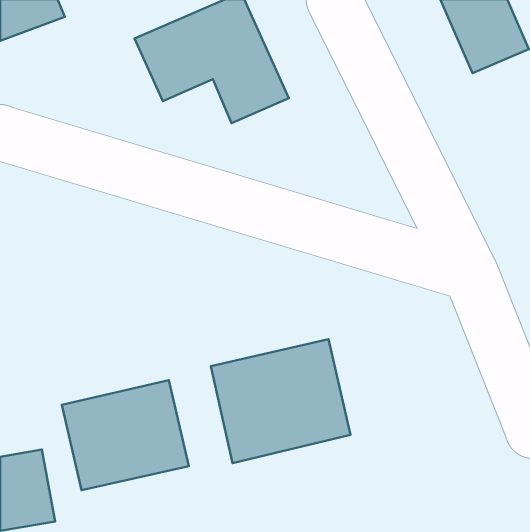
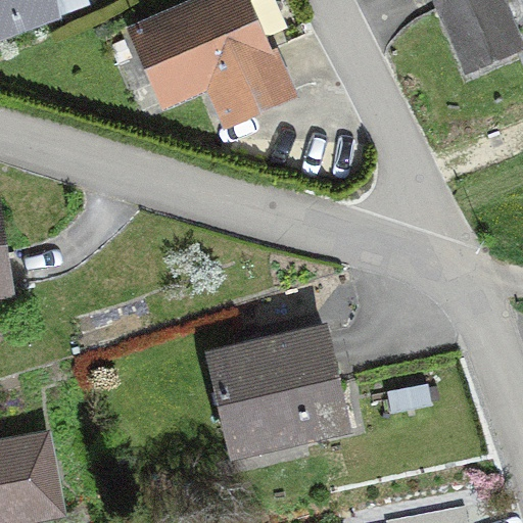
building: [62,380,189,490] -> none

